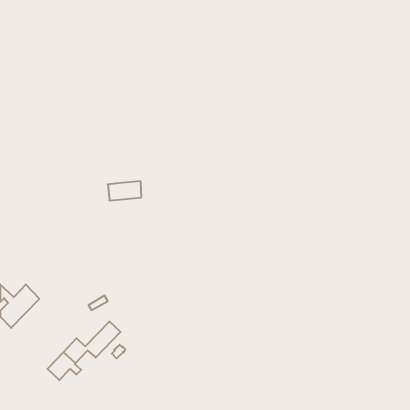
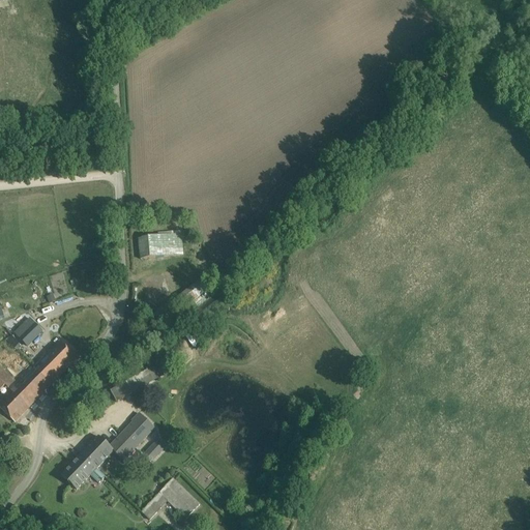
building: none -> [16,317,43,345]
building: none -> [34,338,80,384]
building: none -> [142,477,201,519]

